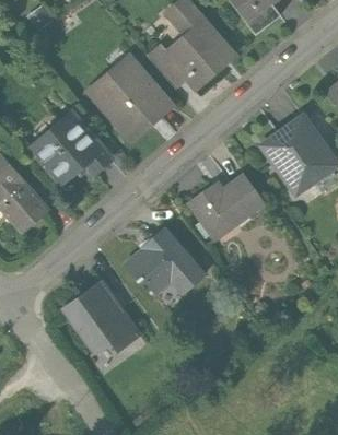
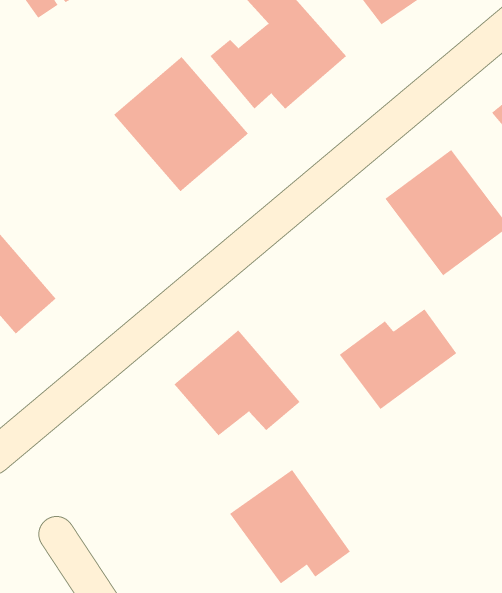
building: [27,109,113,184] -> none
building: [188,174,264,238] -> [339,308,457,410]
building: [61,281,139,354] -> [229,469,351,584]

